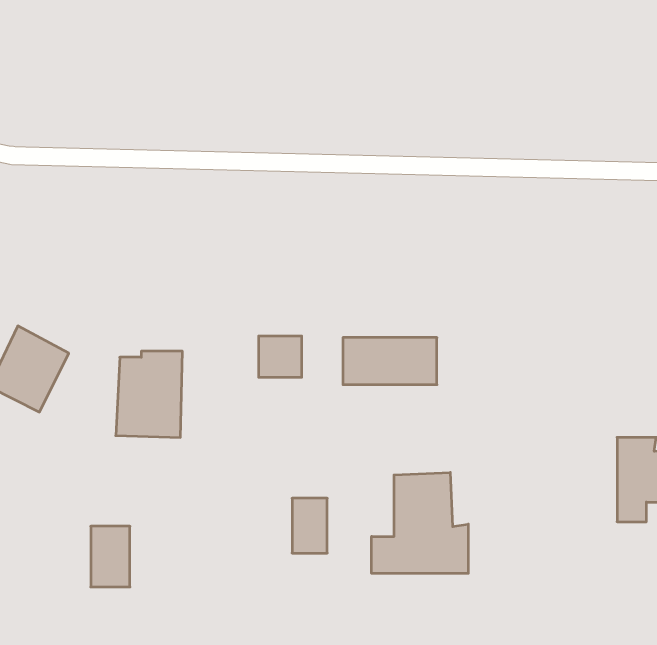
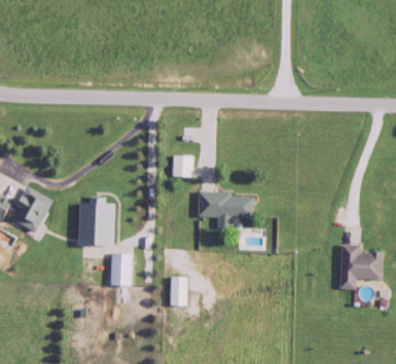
building: [259,336,302,377] -> [172,156,194,178]
building: [372,472,468,573] -> none
building: [91,526,130,587] -> [111,254,132,286]

